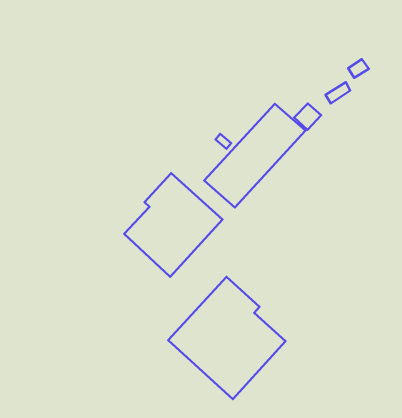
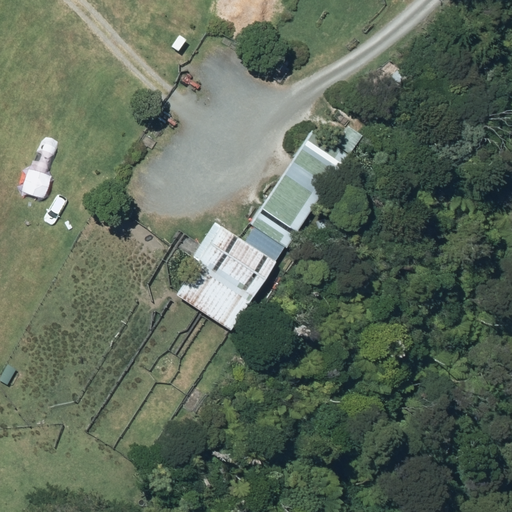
building: [168,277,285,399] -> none

